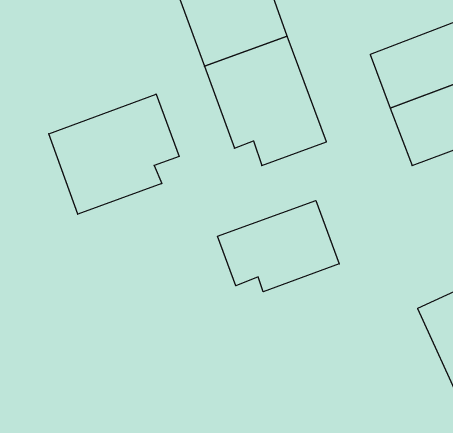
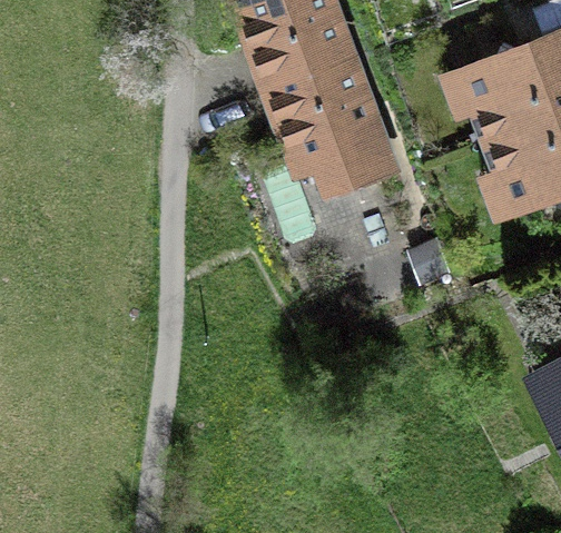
building: [49,94,179,214] -> none
building: [218,201,339,292] -> none

